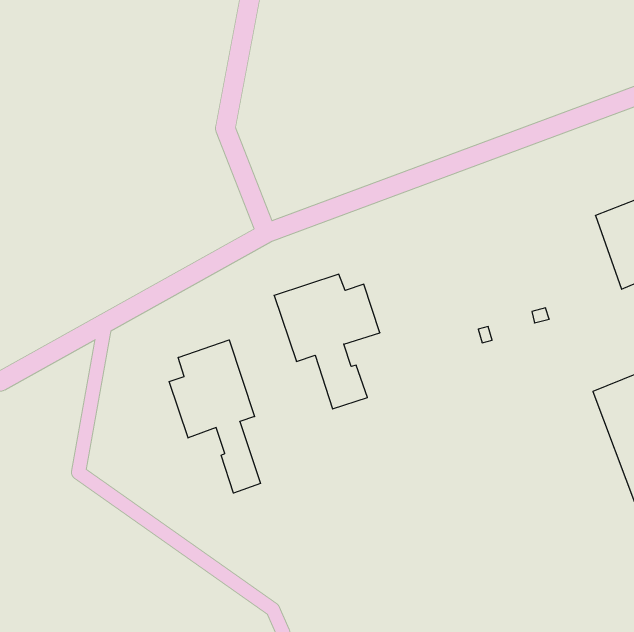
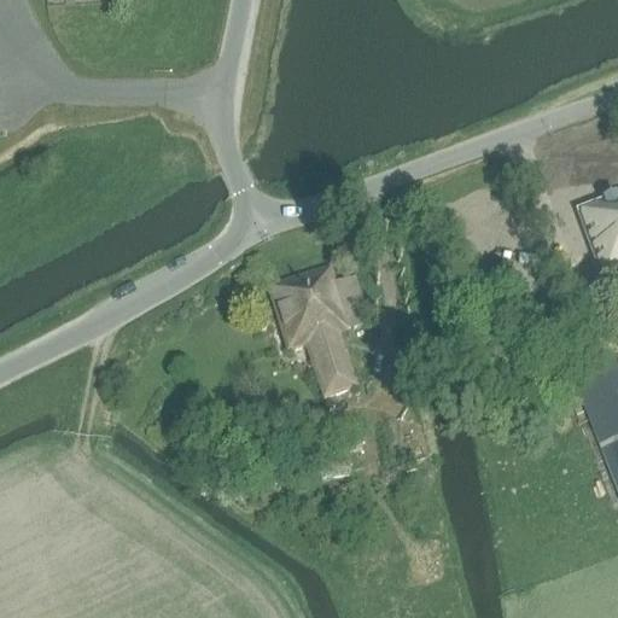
building: [169,340,261,493] -> none

